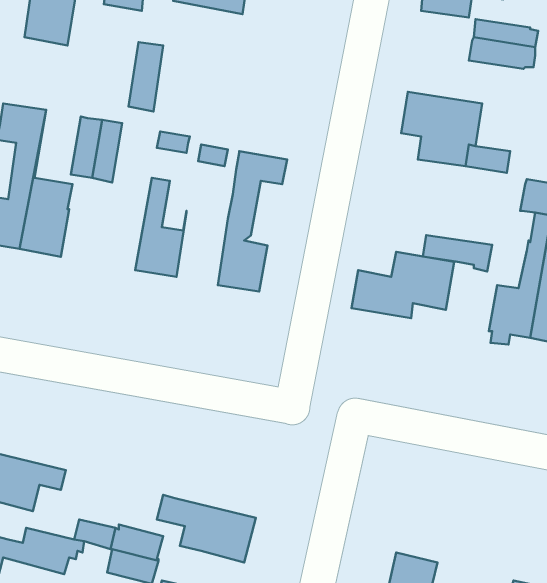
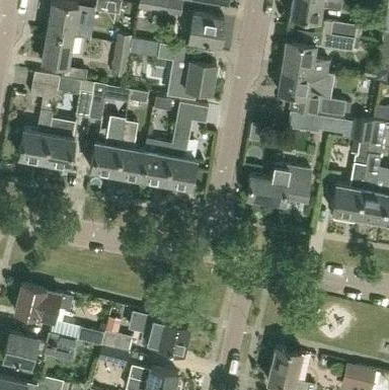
building: none -> [188,14,224,46]
building: none -> [43,32,87,82]
building: none -> [283,40,330,73]
building: none -> [159,45,217,99]
building: none -> [91,118,126,175]
building: none -> [141,140,172,184]
building: [423,235,492,271] -> [312,116,355,139]

